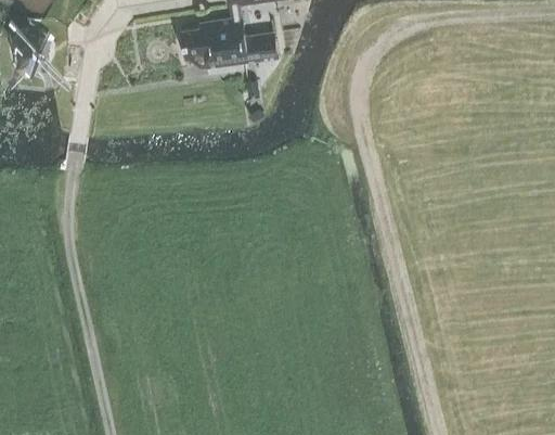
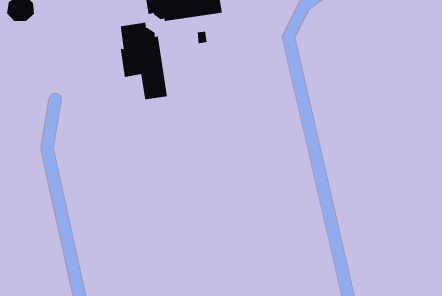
building: none -> [120,22,168,100]

